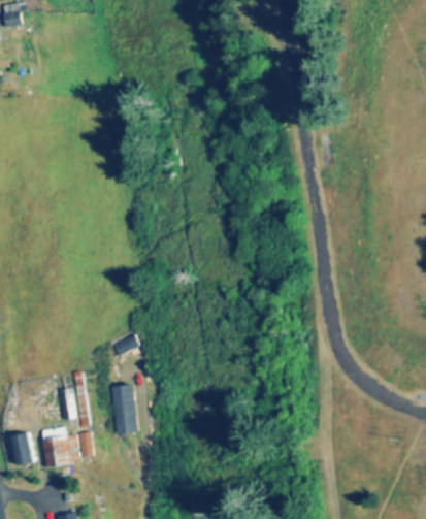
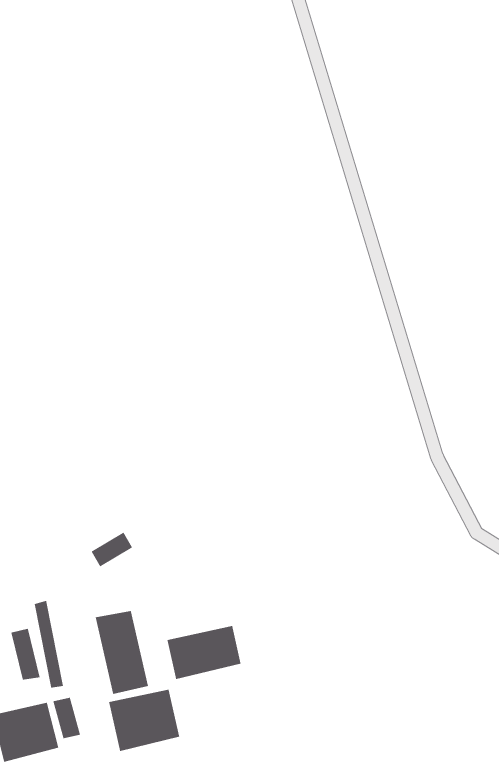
building: none -> [167,625,241,680]
building: none -> [108,689,180,752]

